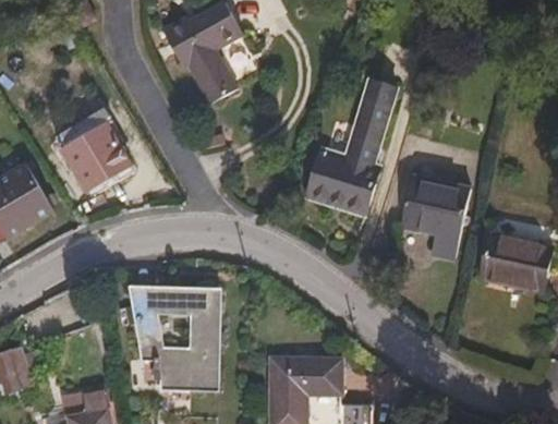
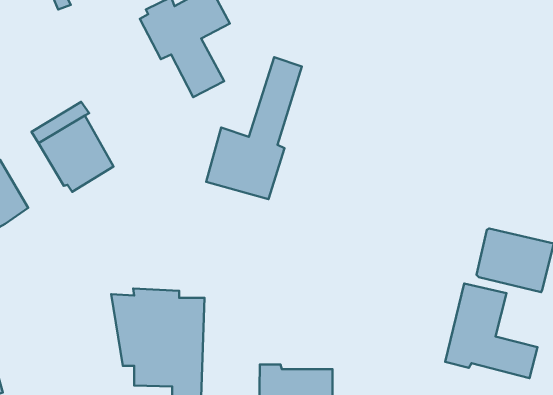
building: [304,80,395,214] -> [206,57,302,199]
building: [398,171,468,255] -> none
building: none -> [445,283,537,378]

